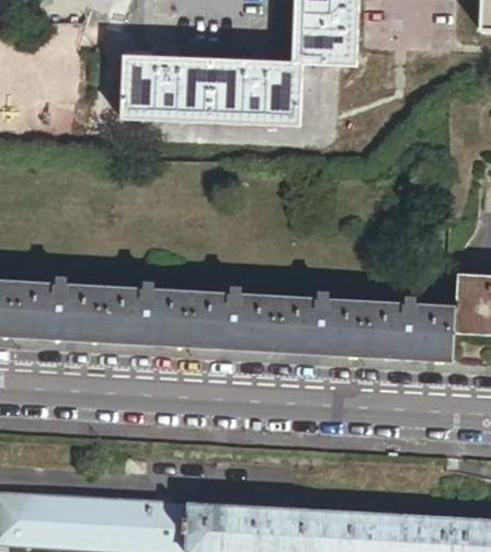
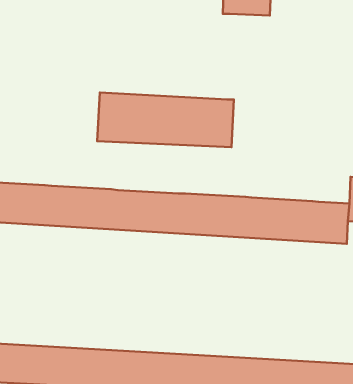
building: [123,53,301,124] -> [97,93,234,147]

